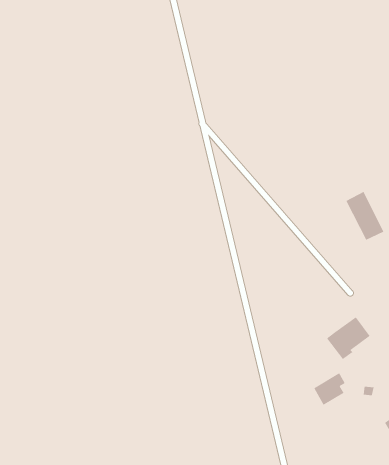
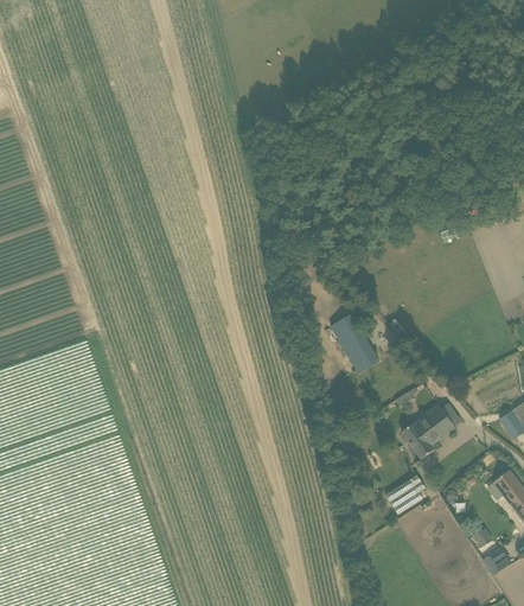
building: [345,191,384,241] -> [331,311,378,371]

